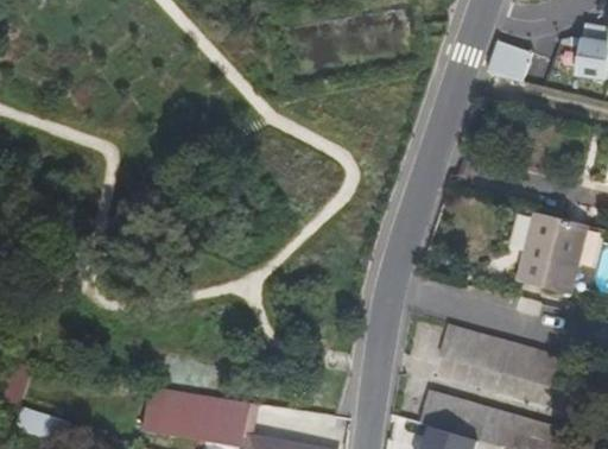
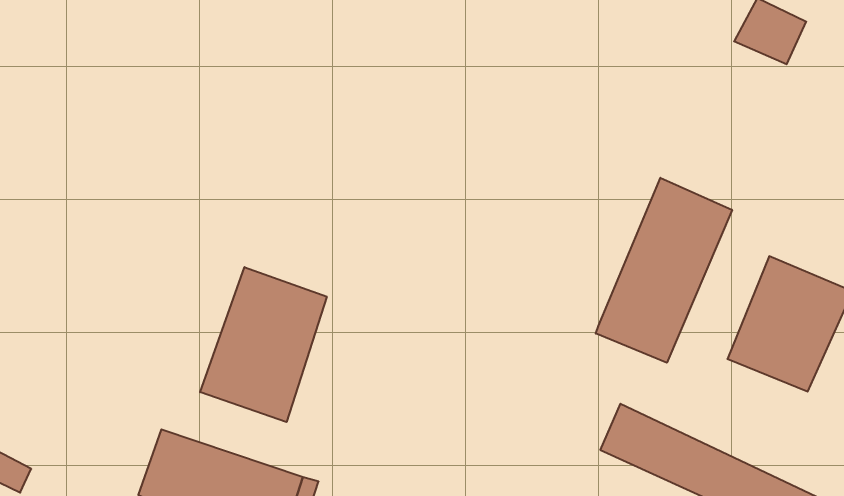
building: none -> [596,178,732,363]
building: none -> [200,267,327,422]

